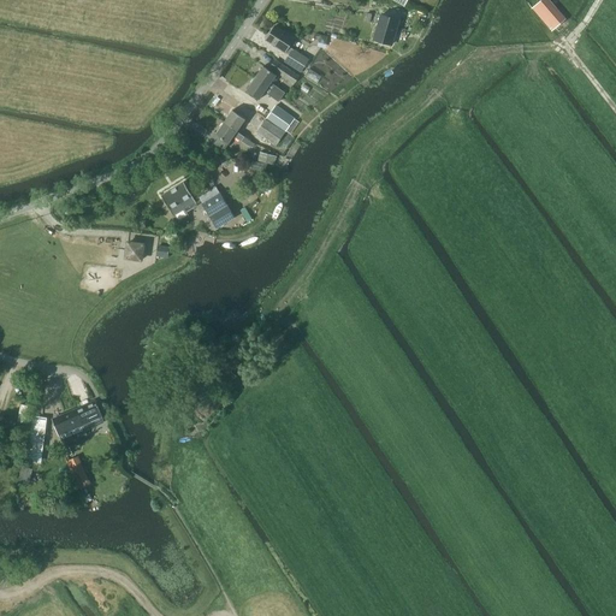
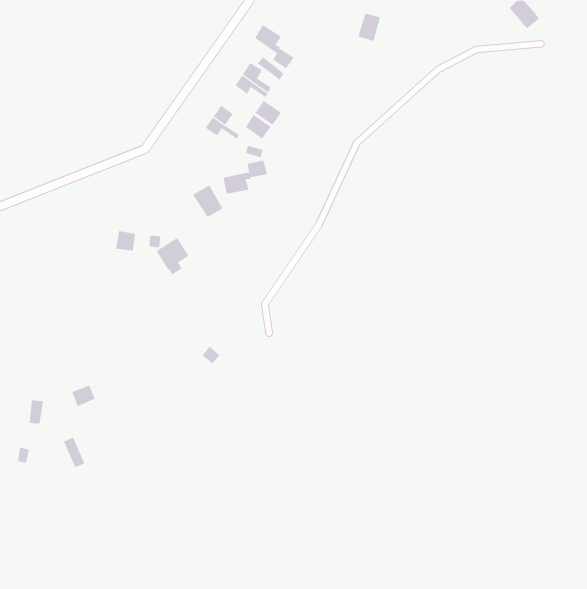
building: none -> [223,160,268,195]
building: [161,182,196,221] -> [156,237,189,275]
building: [53,409,87,444] -> none

